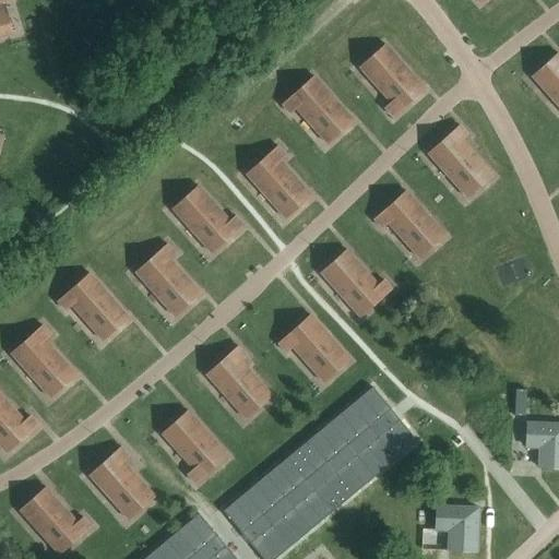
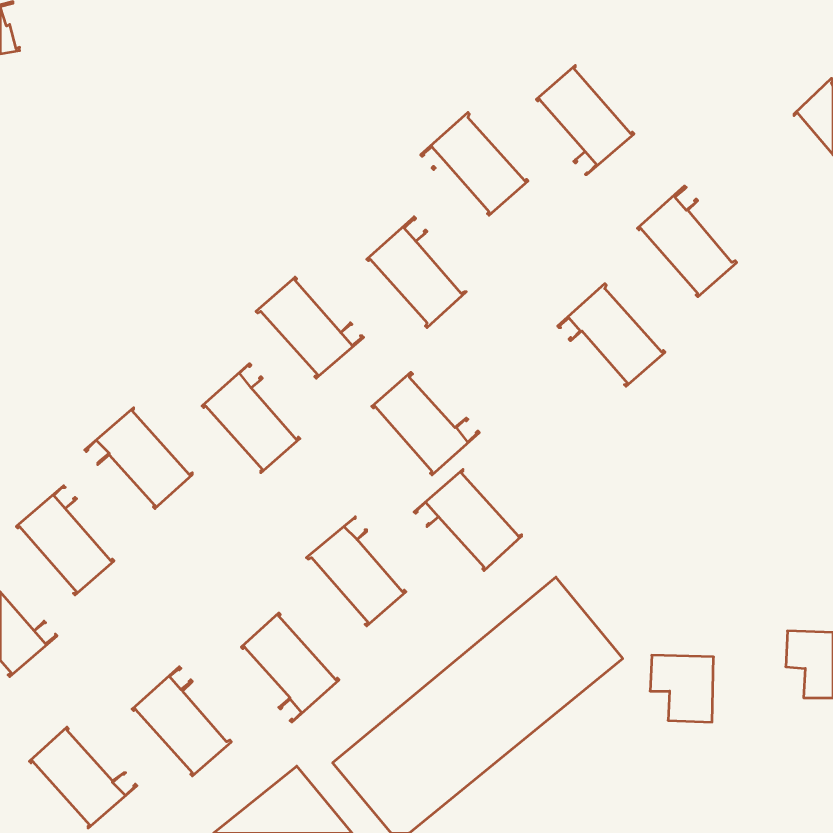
building: [320,249,392,318] -> [372,372,479,475]
building: [436,507,478,551] -> [650,655,714,722]

